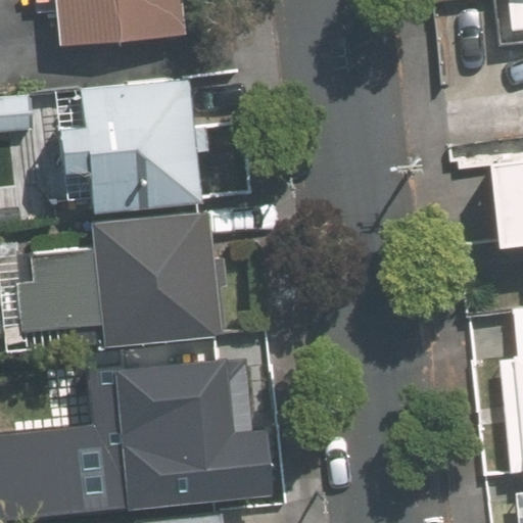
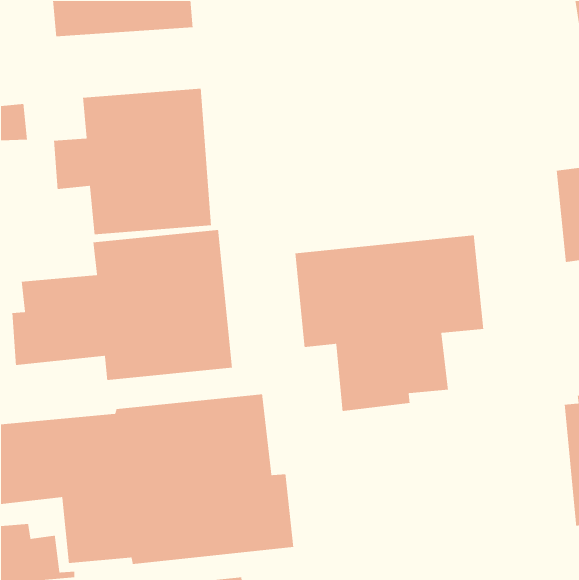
building: none -> [294,234,484,412]

